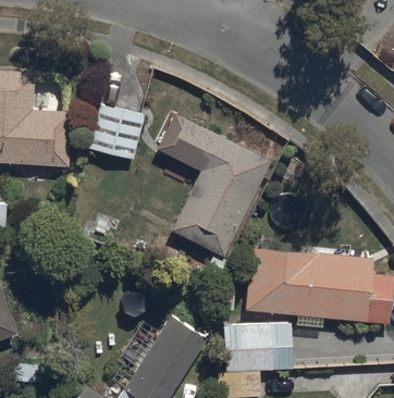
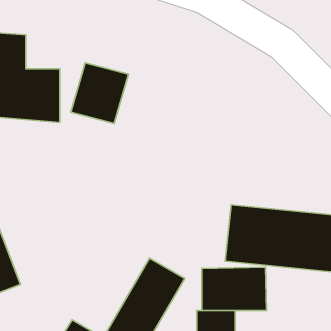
building: [157,116,268,261] -> none

